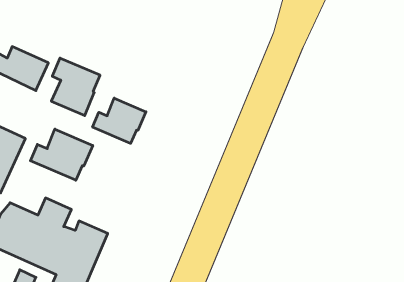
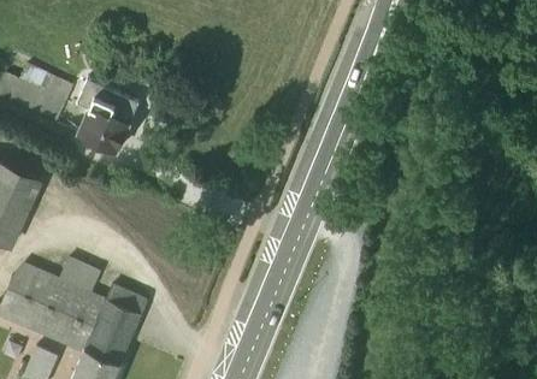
building: [93,98,146,143] -> none
building: [30,129,93,180] -> none

